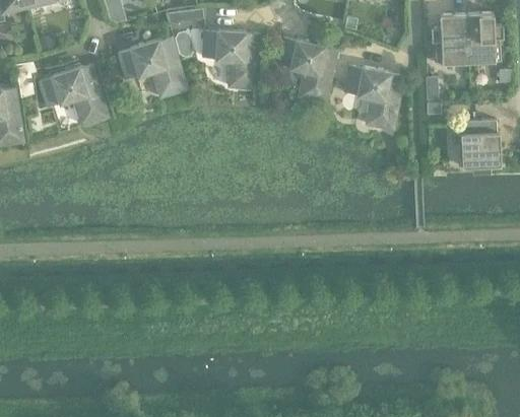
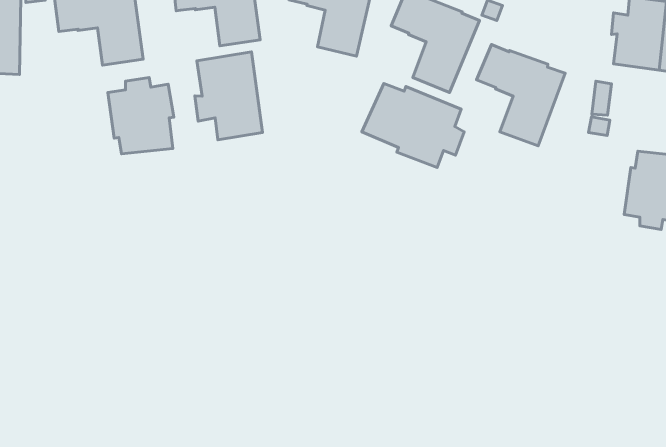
building: none -> [195,52,262,140]
building: none -> [362,83,464,168]
building: none -> [108,77,174,154]

